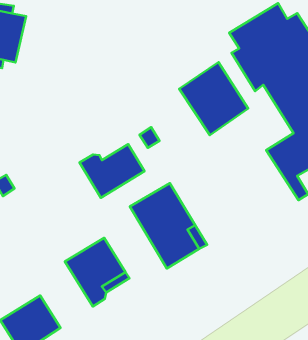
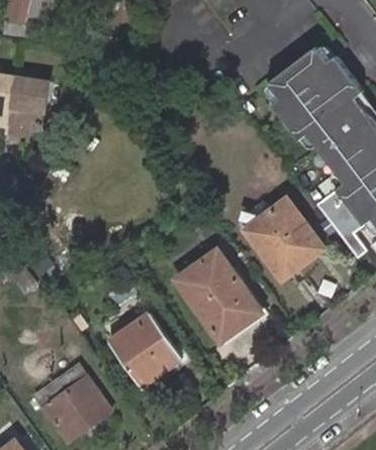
building: [179,62,248,135] -> [244,199,319,277]
building: [79,144,145,198] -> none

